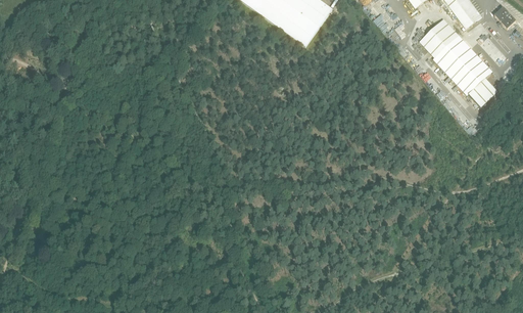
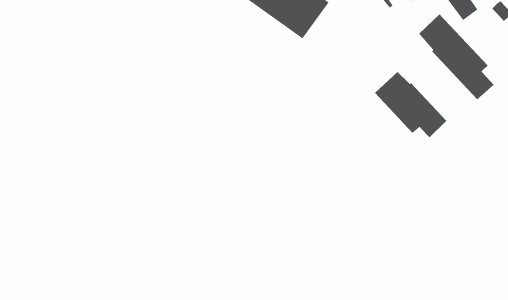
building: none -> [374,71,447,138]

